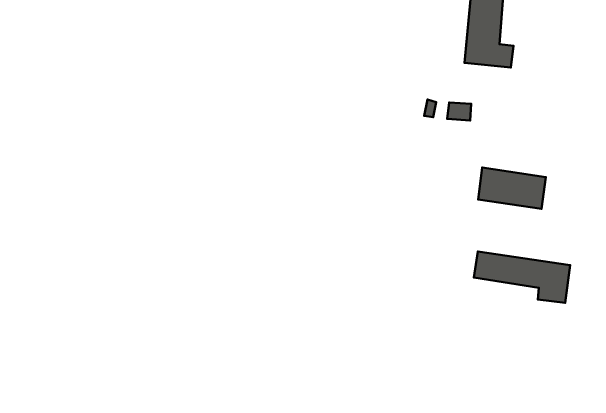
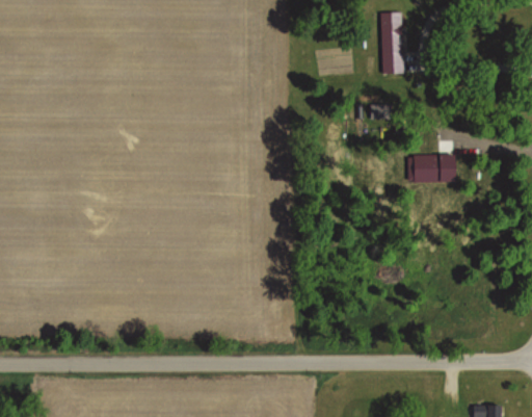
building: [474,251,570,303] -> none

